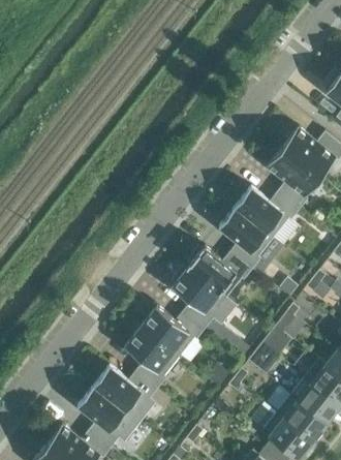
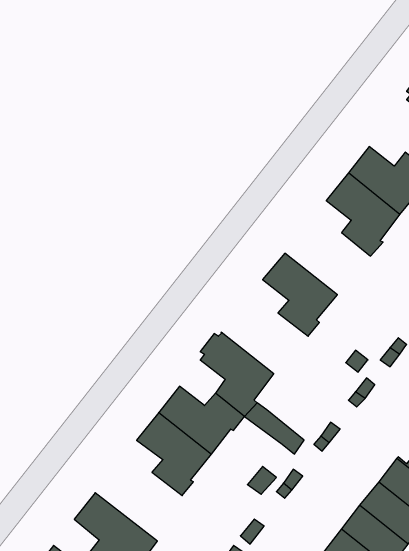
building: [235,186,299,238] -> none
building: [187,246,252,297] -> none
building: [93,365,158,422] -> none

